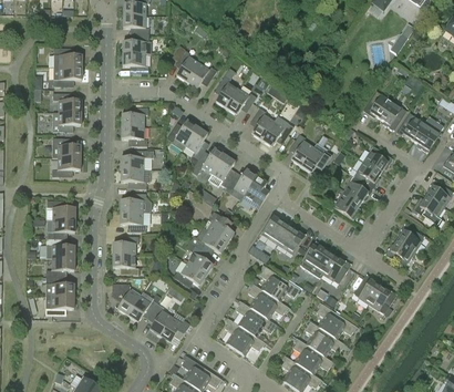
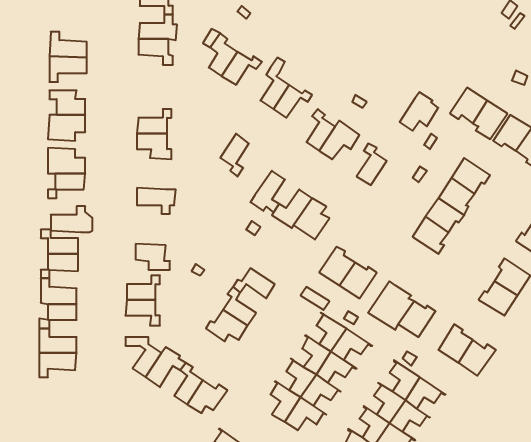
building: [166,120,197,149] -> none
building: [301,143,331,173] -> [400,92,438,131]
building: [190,148,225,175] -> none
building: [121,149,154,169] -> none
building: [120,193,152,213] -> [51,206,92,232]
building: [203,212,234,243] -> none

